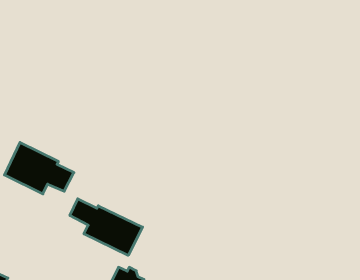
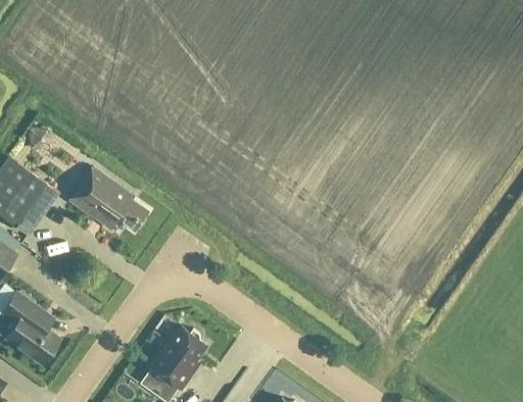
building: [70,199,143,255] -> none

